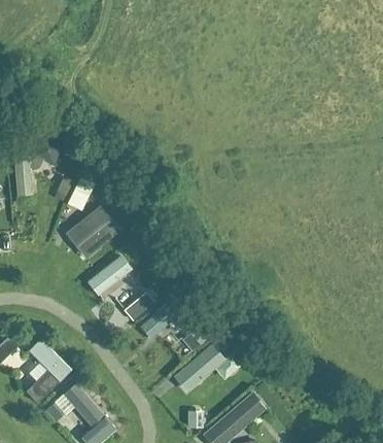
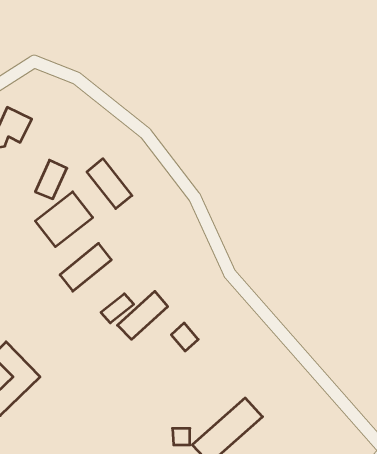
building: none -> [87,159,132,209]
building: [175,339,230,391] -> none
building: [54,385,106,432] -> none

